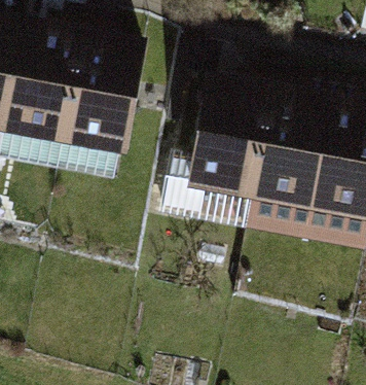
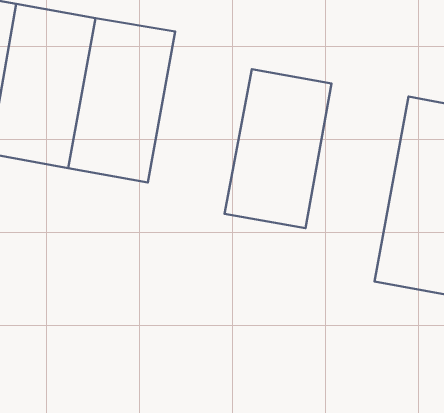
building: [241,93,328,249] -> none

